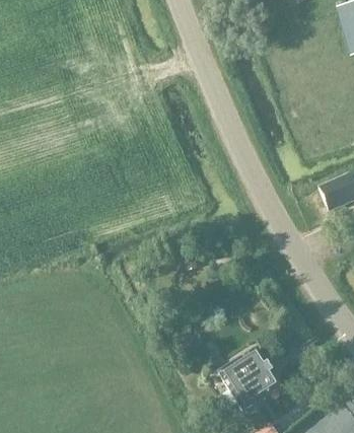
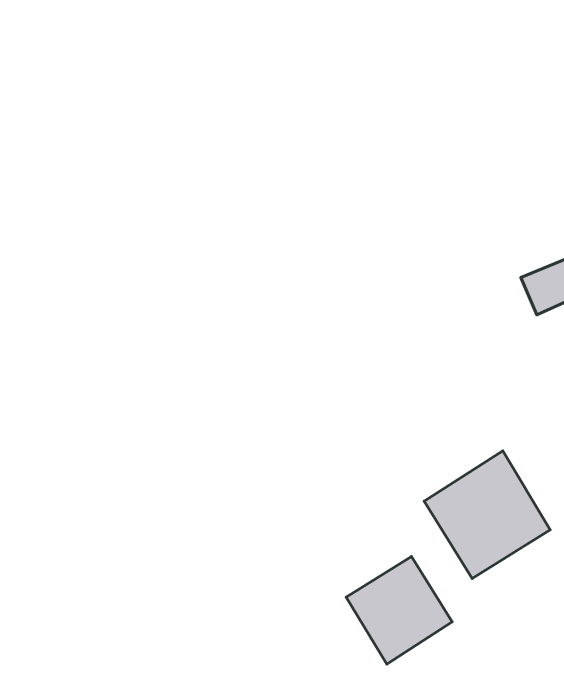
building: none -> [424,451,550,578]

